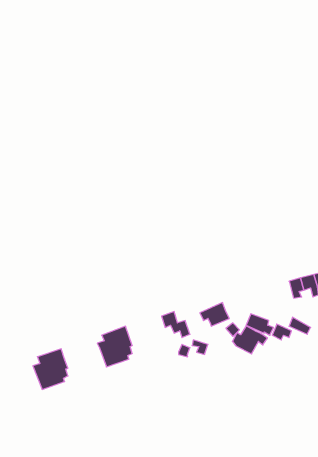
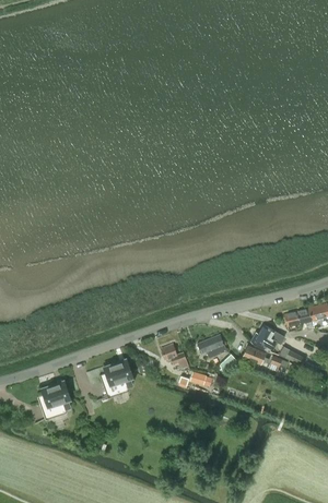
building: [232,326,267,354] -> [250,324,284,351]

